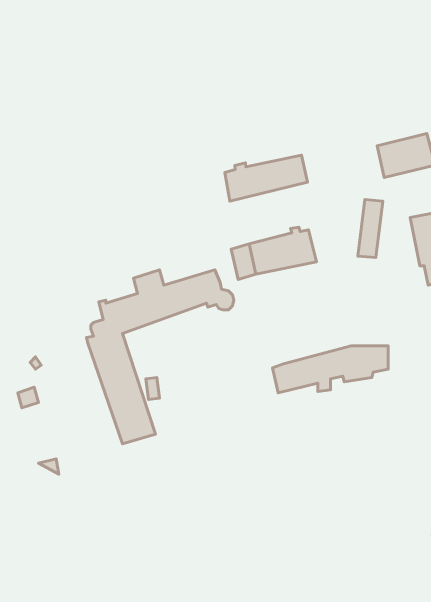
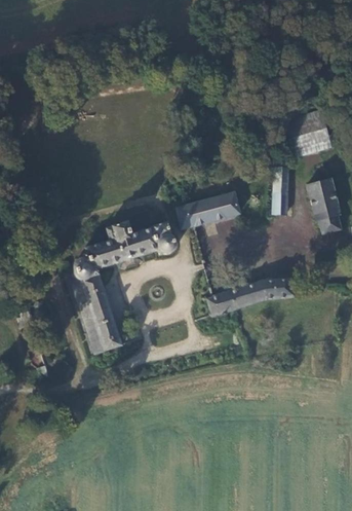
building: [225,155,307,201] -> none

